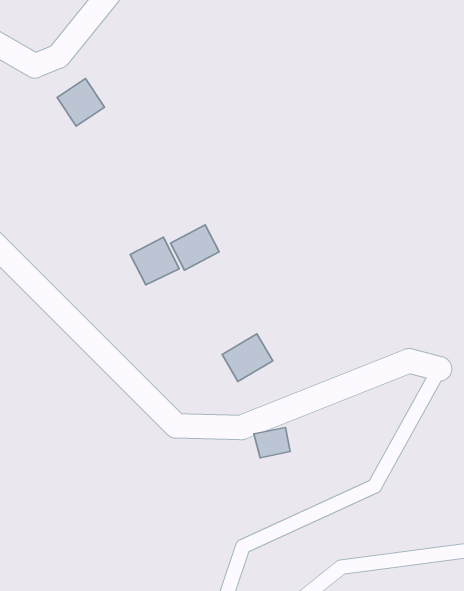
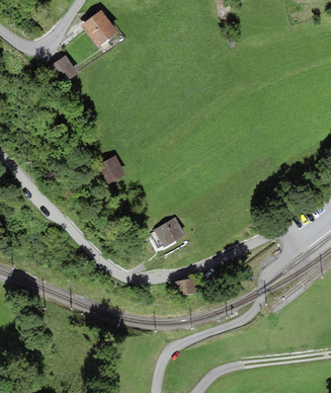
building: none -> [81,9,118,48]
building: [170,225,219,270] -> none

